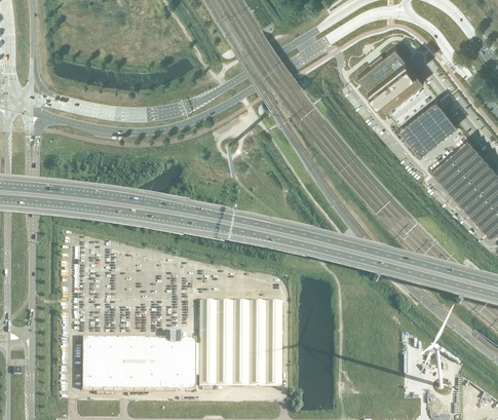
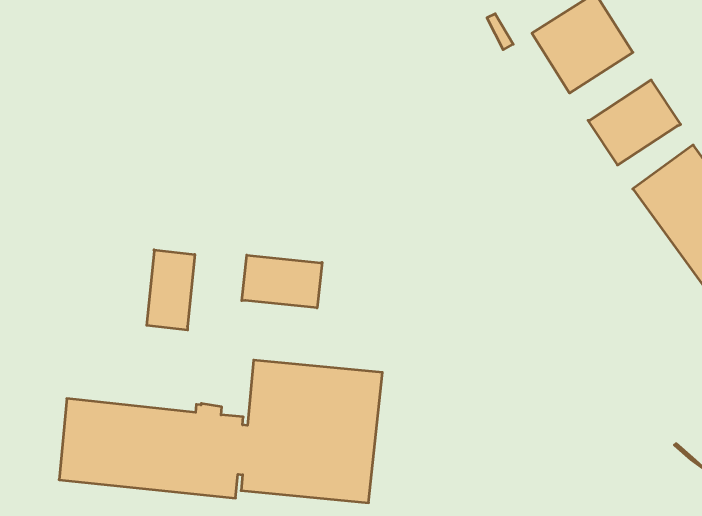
building: none -> [242,255,322,308]
building: none -> [147,250,195,330]

